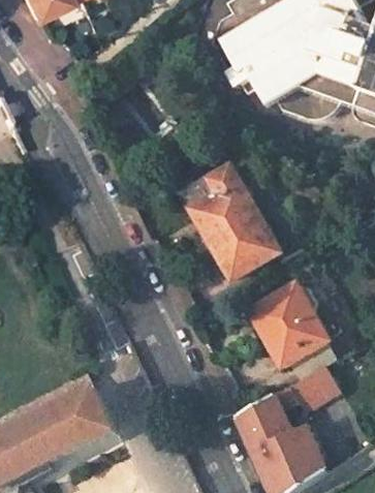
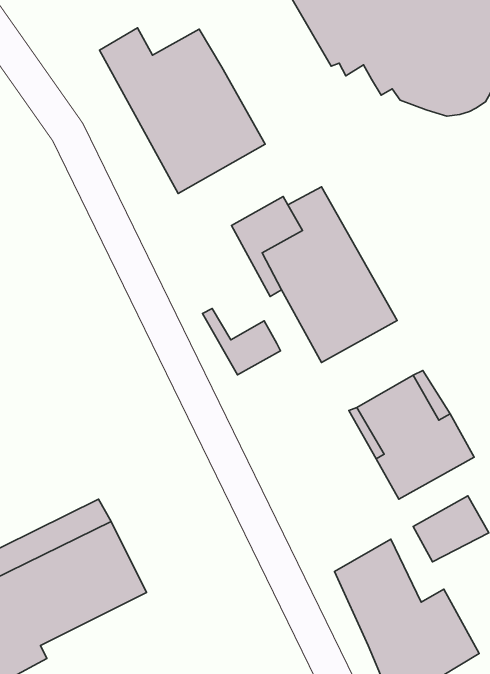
building: none -> [99,28,265,193]
building: none -> [203,308,281,375]

